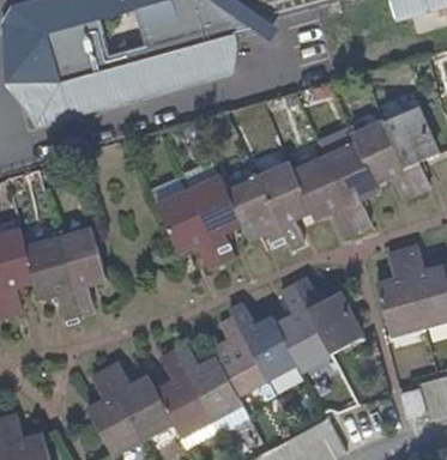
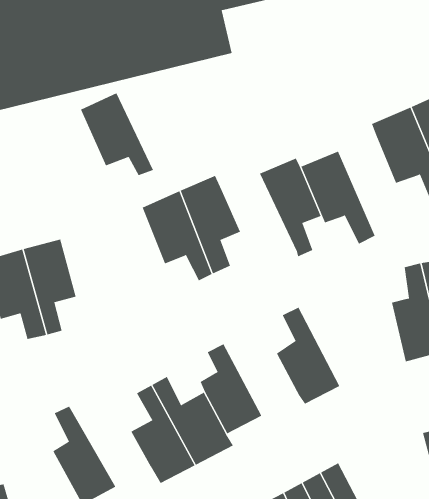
building: [330,141,380,226] -> none
building: [231,174,294,244] -> [80,92,154,176]
building: [296,280,363,353] -> none
building: [228,304,296,379] -> none
building: [102,363,170,438] -> none

